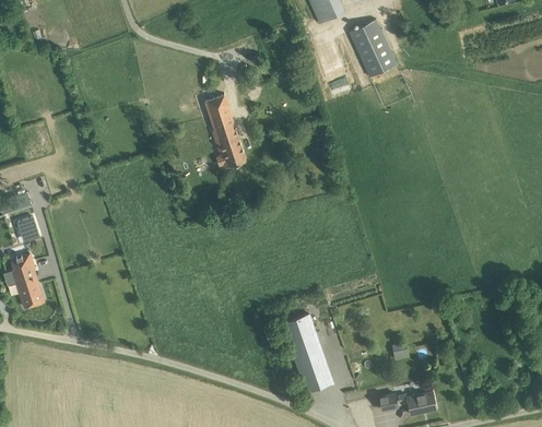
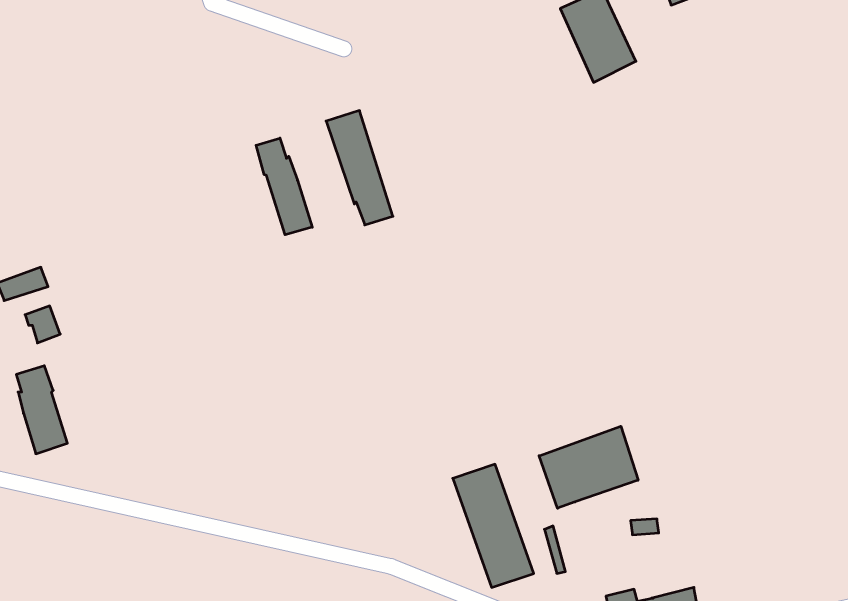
building: none -> [256,138,312,235]
building: none -> [539,426,638,508]

